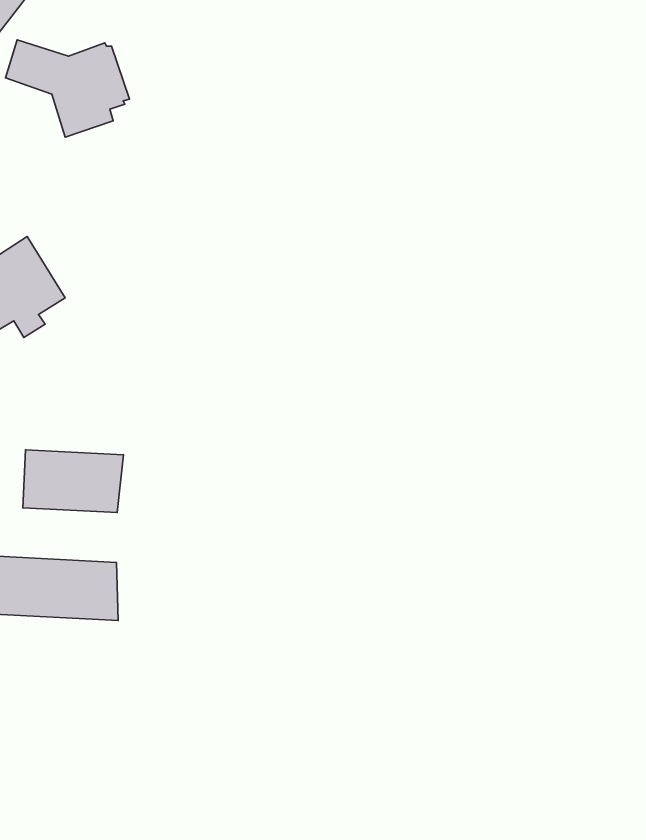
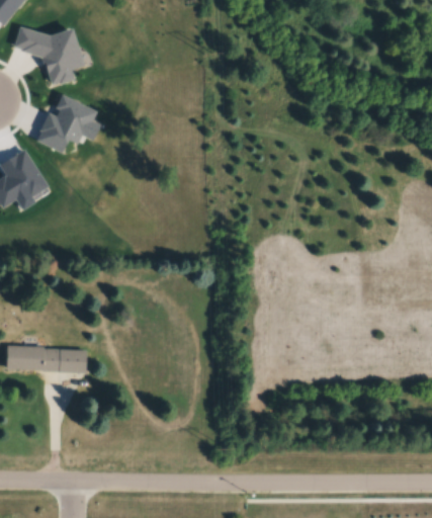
building: none -> [35,94,103,153]
building: [23,450,124,512] -> none

